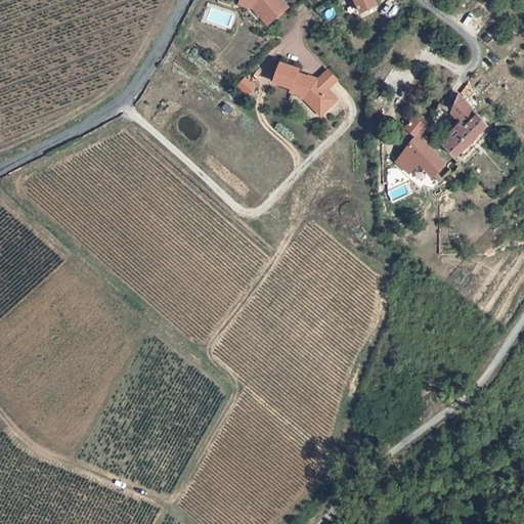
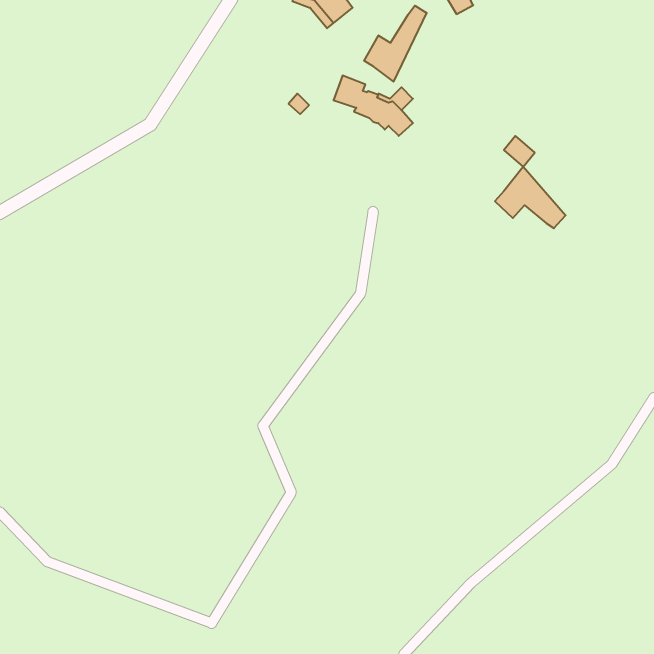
building: none -> [364,6,427,82]
building: [440,92,494,165] -> none

